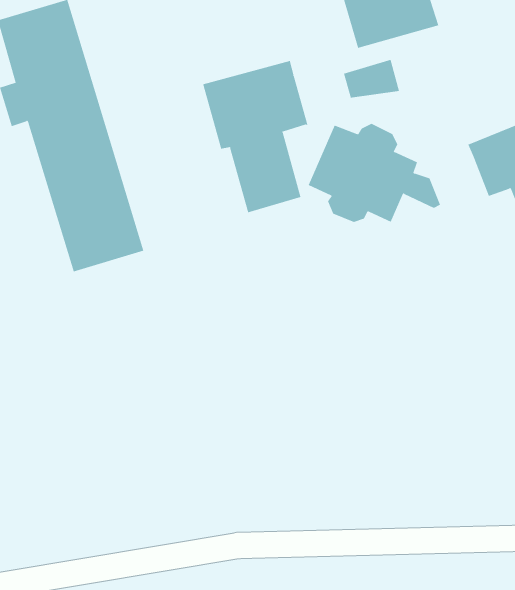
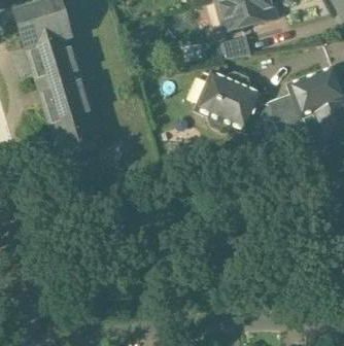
building: [203,60,308,213] -> none
building: none -> [267,92,307,136]

